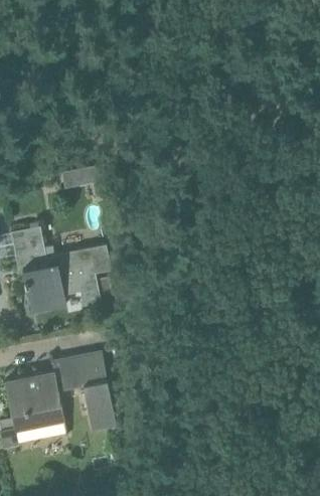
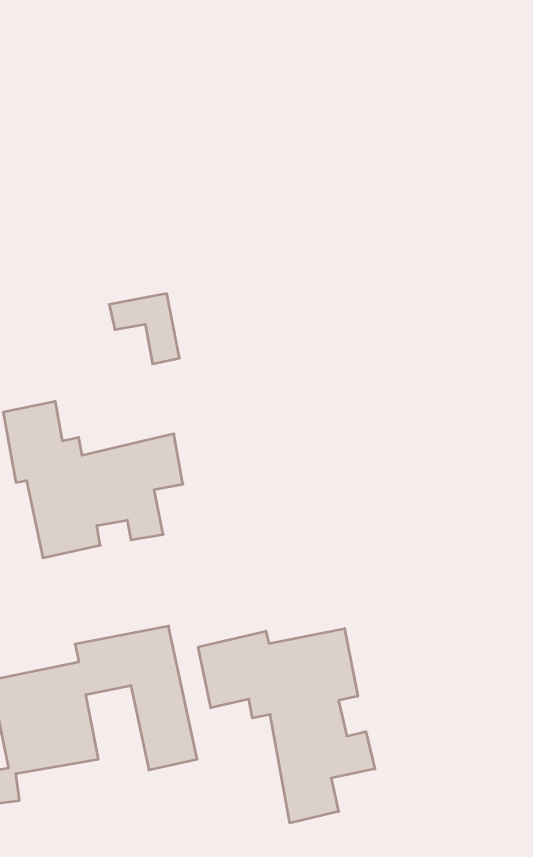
building: none -> [198,628,375,823]

